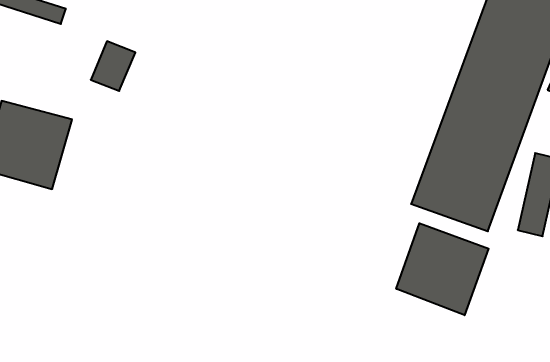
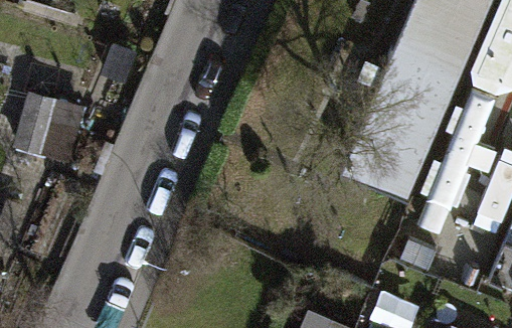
building: [396,223,489,315] -> none

